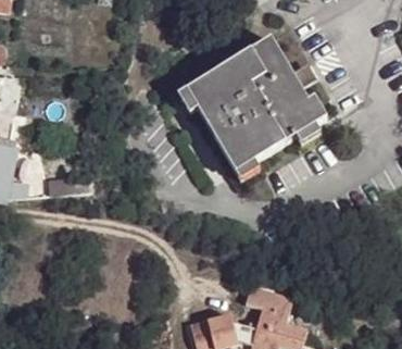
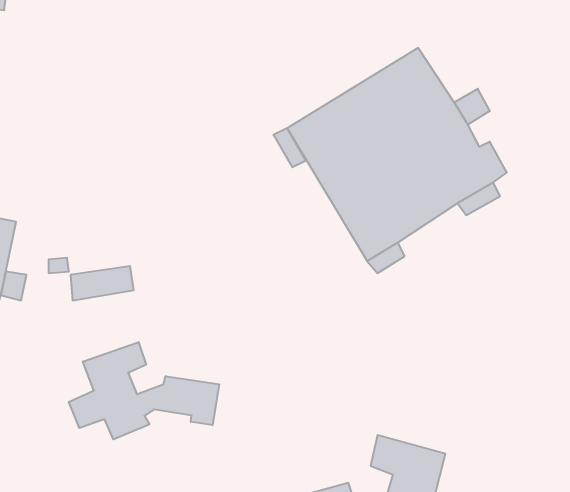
building: none -> [69,342,219,439]

